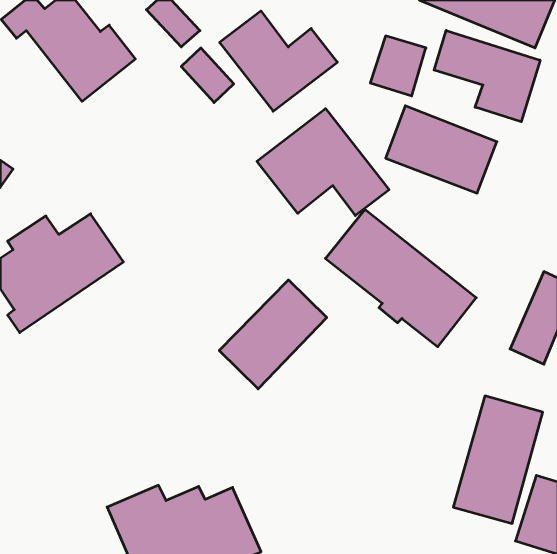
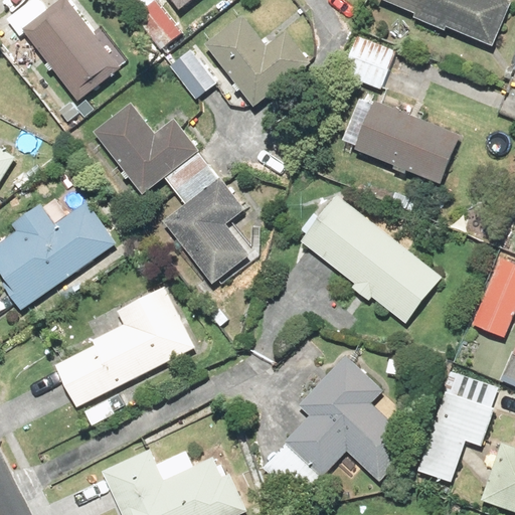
building: [434,30,540,122] -> none
building: none -> [93,101,248,284]
building: [257,109,389,216] -> none
building: [219,280,327,389] -> none
building: none -> [52,283,196,413]
building: none -> [259,354,413,500]

